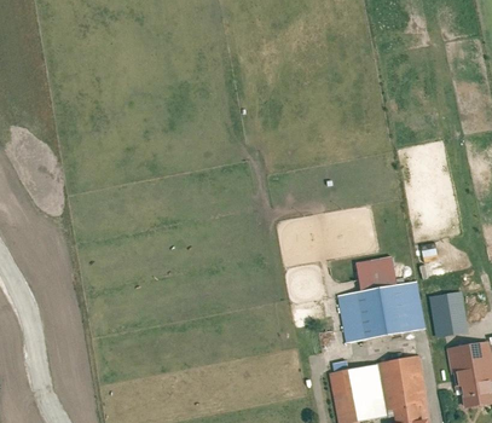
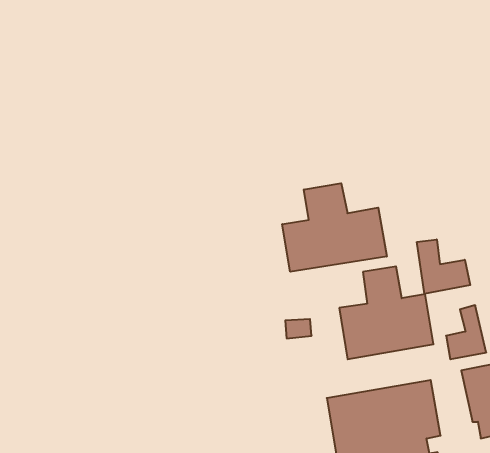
building: none -> [282,183,387,272]
building: none -> [417,239,470,294]

